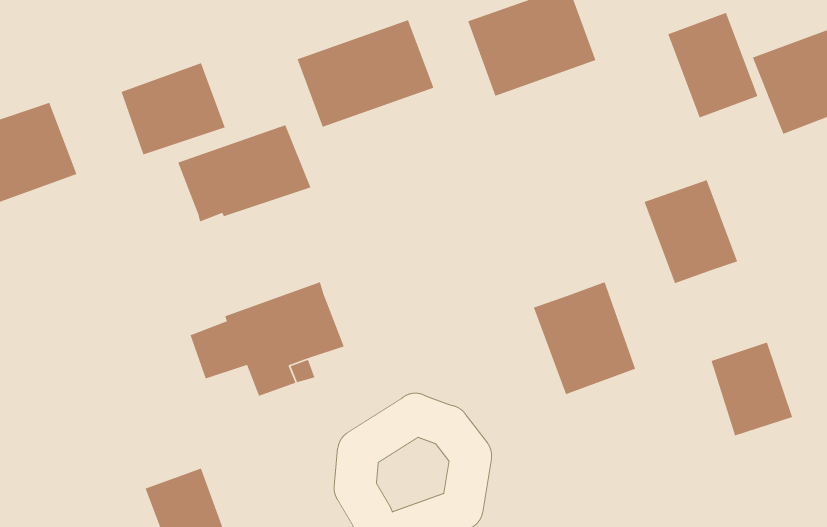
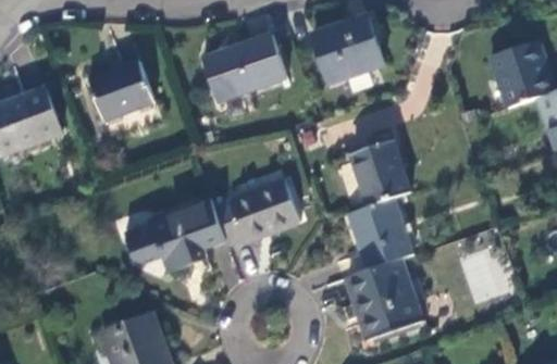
building: [667,12,758,118] -> none
building: [177,124,312,222] -> [216,185,301,247]
building: [643,179,738,284] -> [350,143,410,210]
building: none -> [347,261,423,340]

